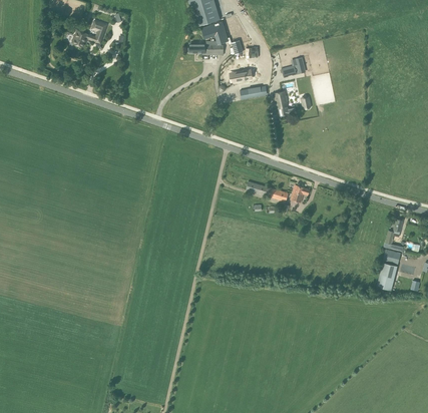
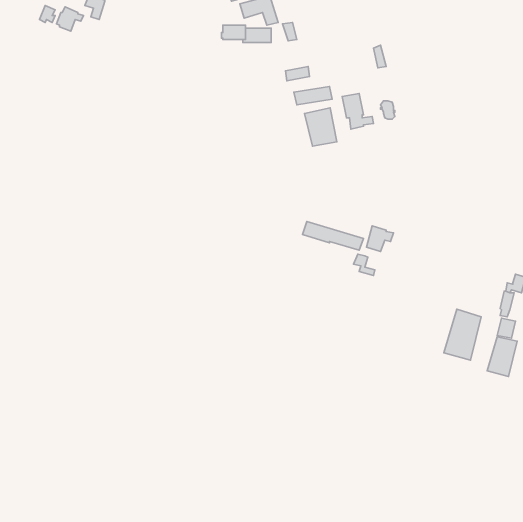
building: none -> [304,108,337,146]
building: none -> [444,309,481,360]

